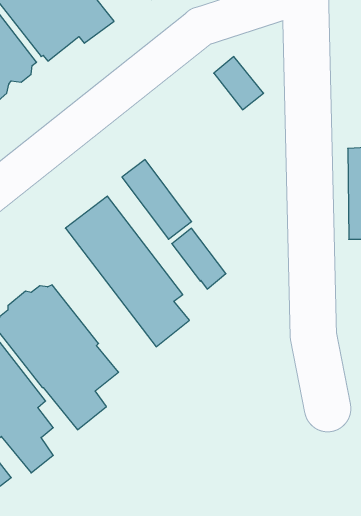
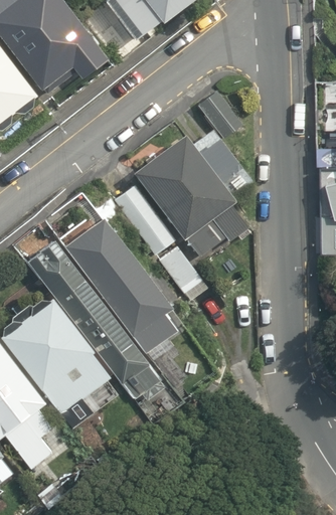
building: none -> [134,128,251,255]
building: none -> [26,238,164,399]

